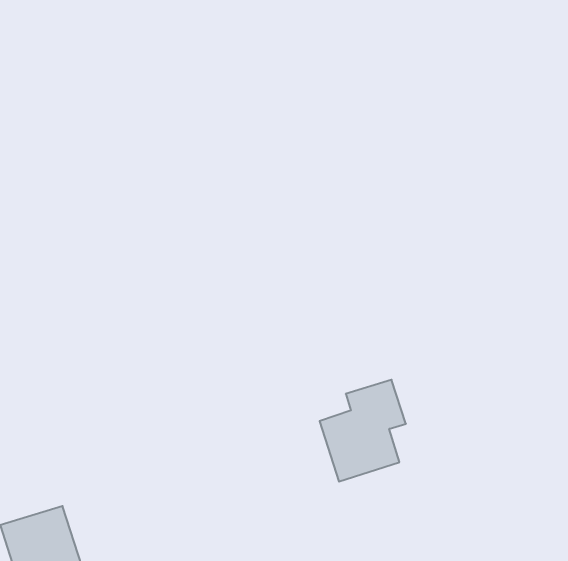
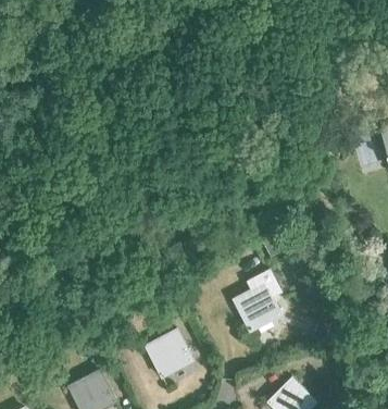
building: none -> [146,329,193,377]

